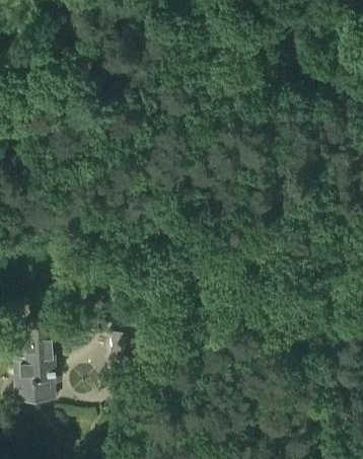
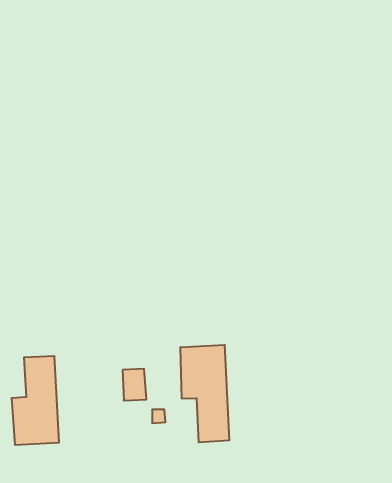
building: none -> [180,345,229,442]

